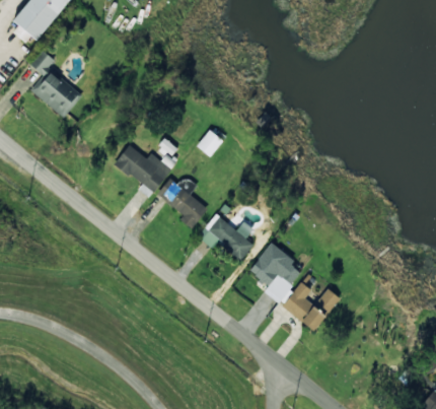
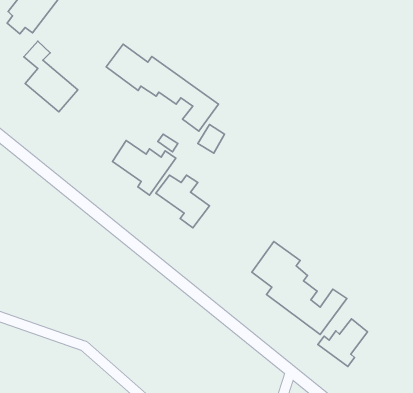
building: none -> [106,44,219,131]
building: [198,213,253,261] -> none
building: none -> [318,319,368,367]

